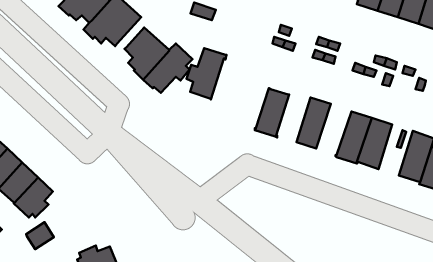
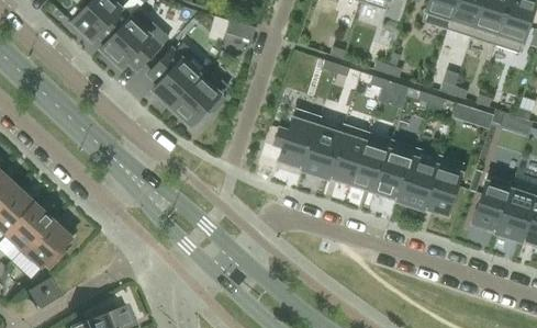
building: [187,48,226,99] -> [275,109,322,169]
building: none -> [327,124,368,184]
building: none -> [374,139,416,200]

